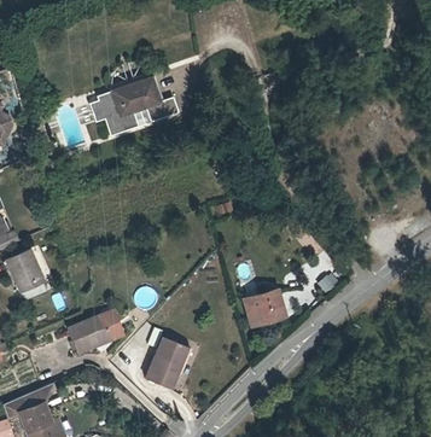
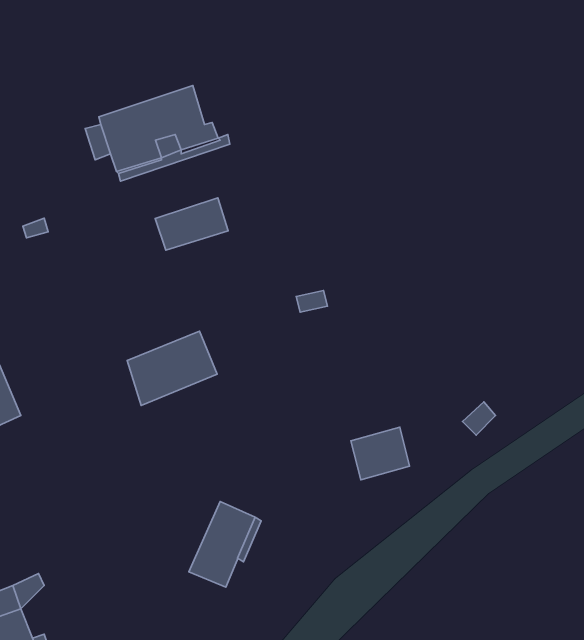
building: none -> [155,198,228,250]
building: [69,310,124,356] -> [127,331,217,405]

